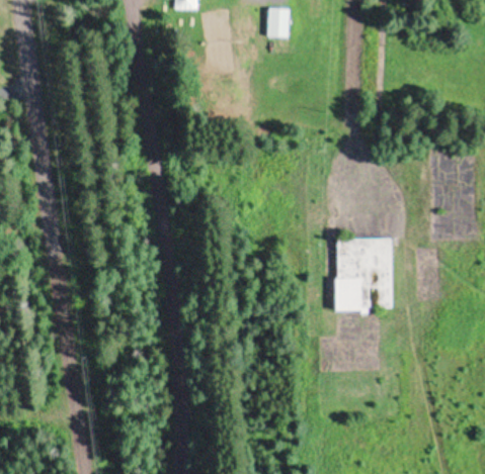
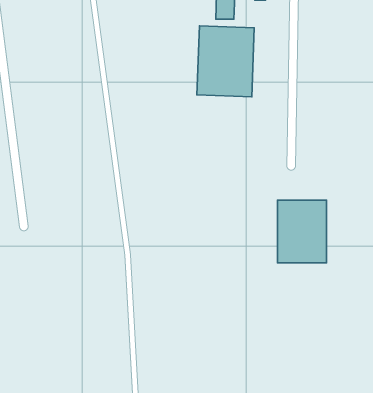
building: none -> [197,26,254,97]

